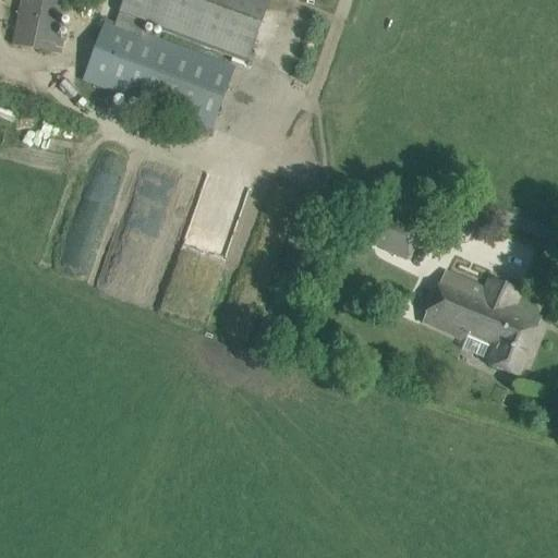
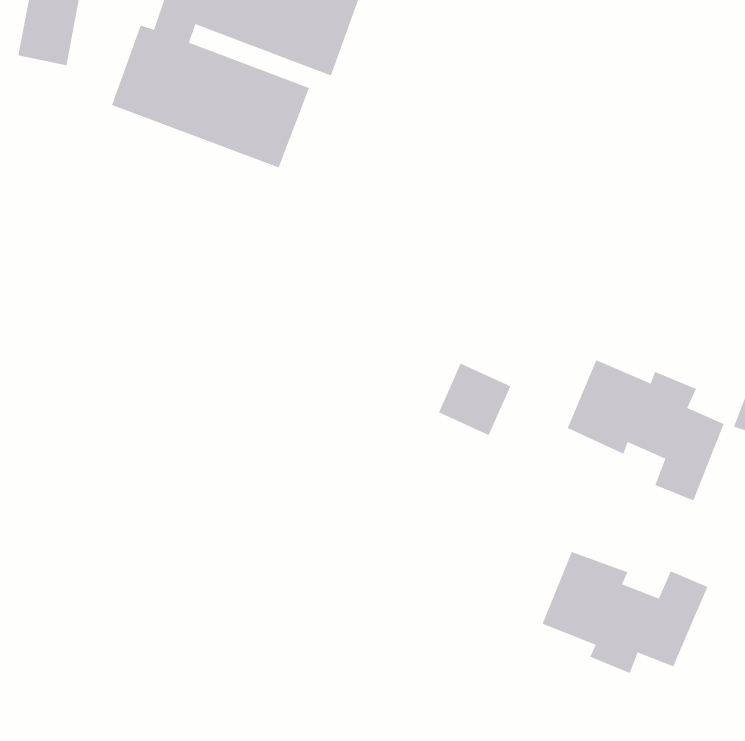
building: [369,204,424,258] -> [438,363,511,436]
building: none -> [542,551,708,674]

